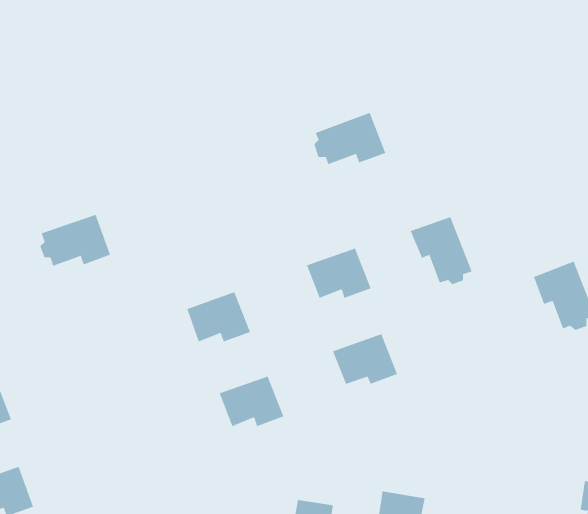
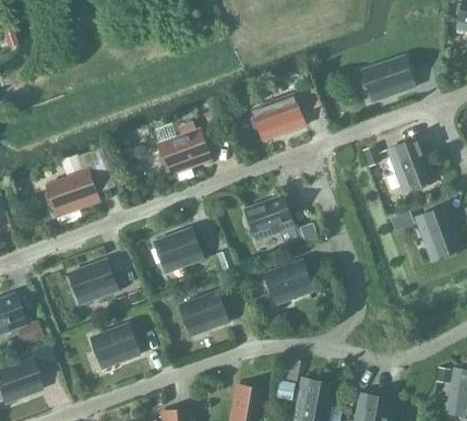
building: none -> [360,57,414,96]
building: none -> [157,130,211,169]
building: [410,216,473,285] -> [386,139,433,190]
building: none -> [69,261,117,299]
building: none -> [91,324,140,363]

